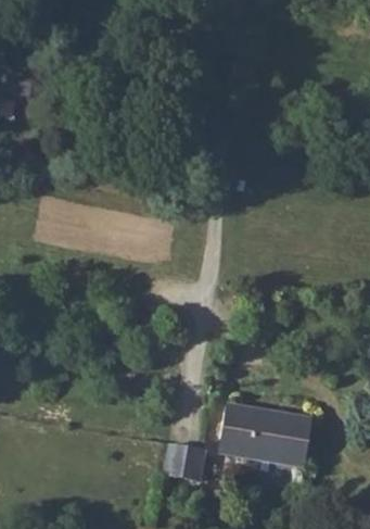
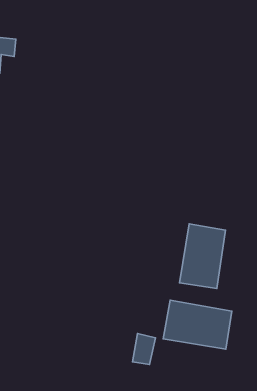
building: none -> [180,224,225,289]

